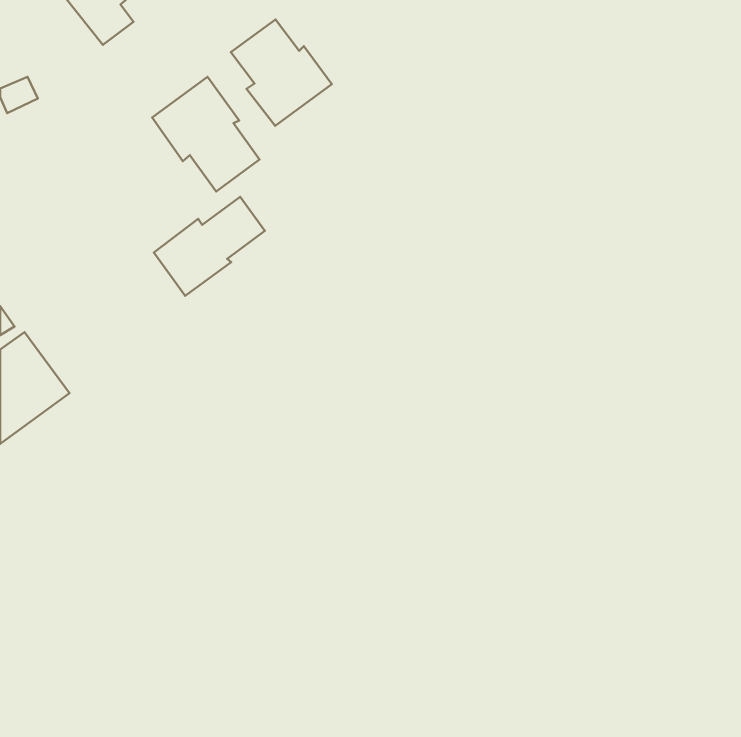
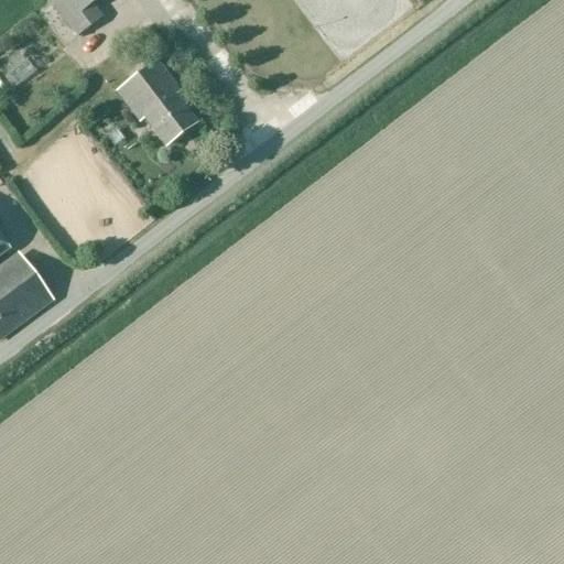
building: [231,19,332,126] -> none
building: [154,197,265,296] -> none

